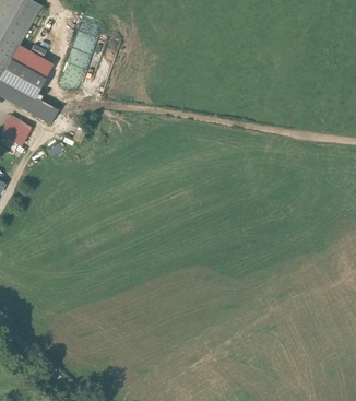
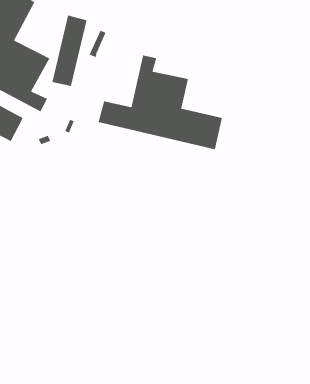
building: none -> [98,55,223,150]

